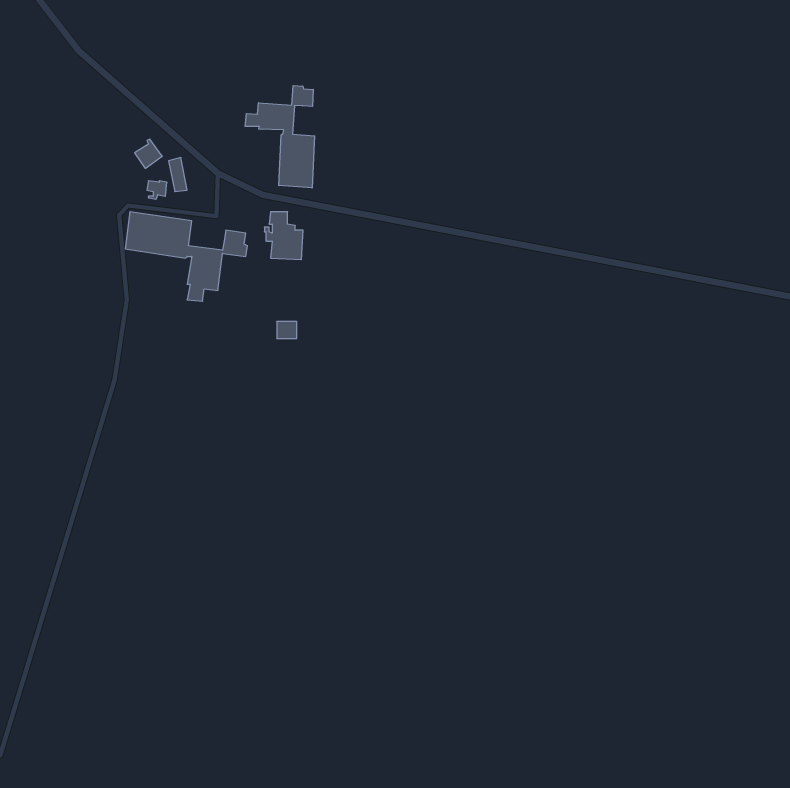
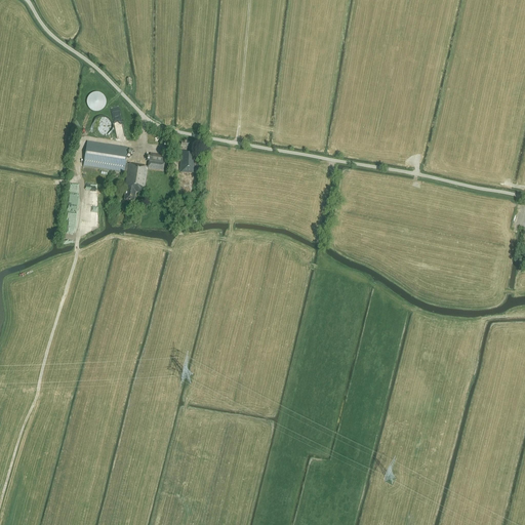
building: [245,86,315,188] -> none

